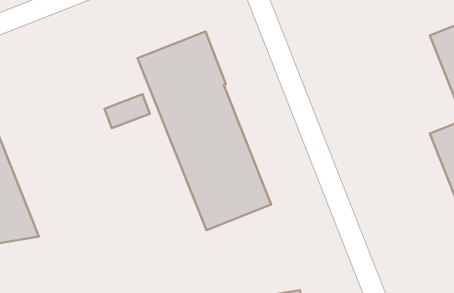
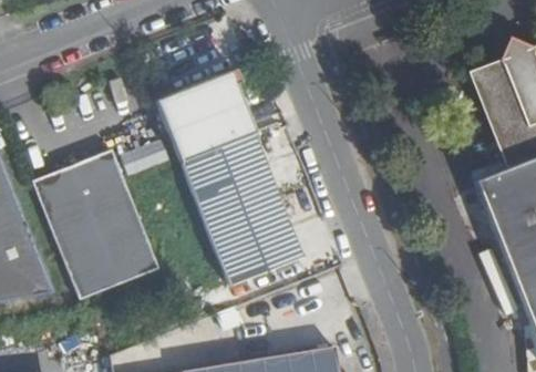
building: none -> [31,149,158,299]

